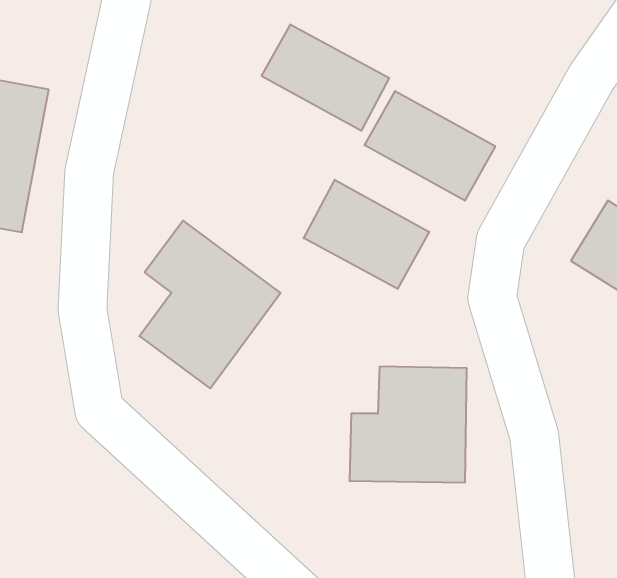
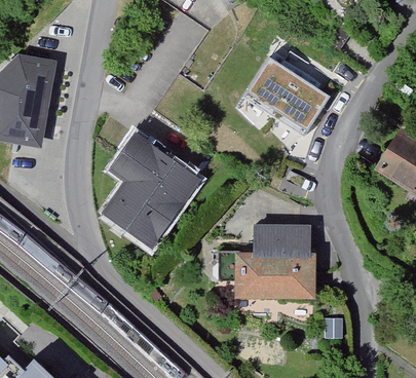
building: [262,24,389,131] -> none
building: [304,180,429,289] -> none

